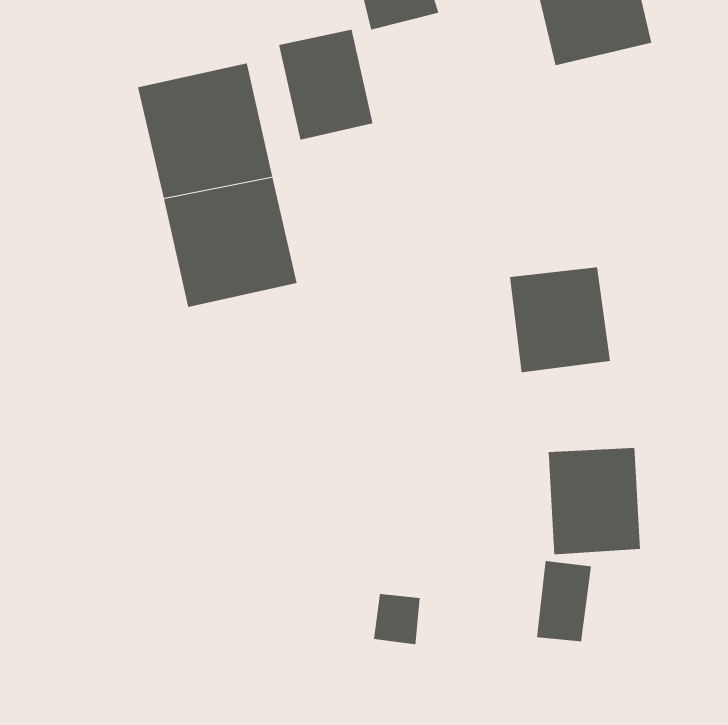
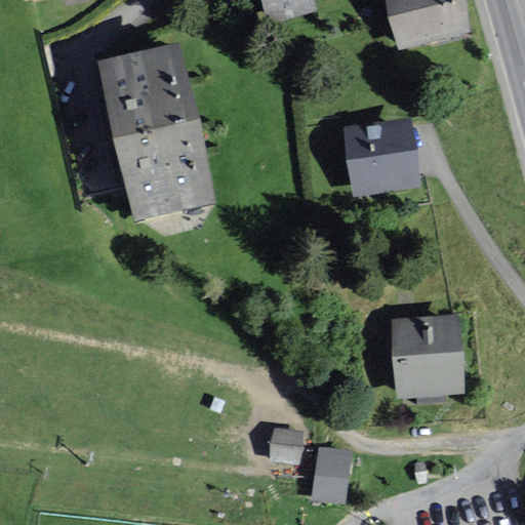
building: [279,29,373,141] -> none
building: [509,267,611,373] -> [346,118,418,194]
building: [536,560,592,642] -> [311,445,351,503]

